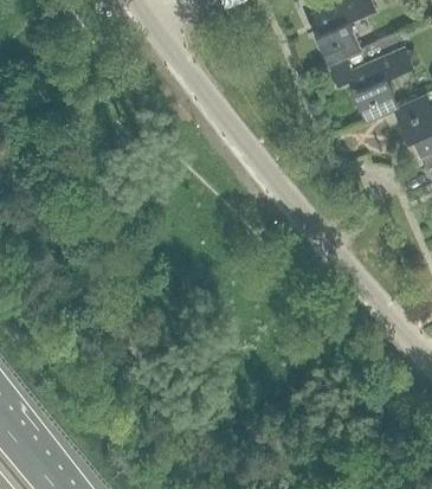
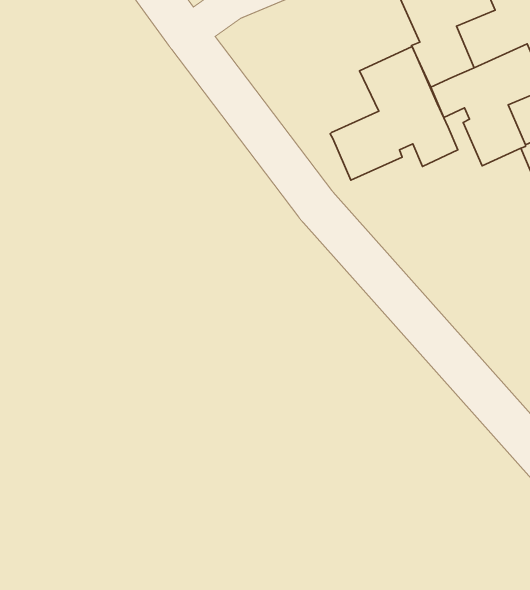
building: none -> [330,46,458,180]

